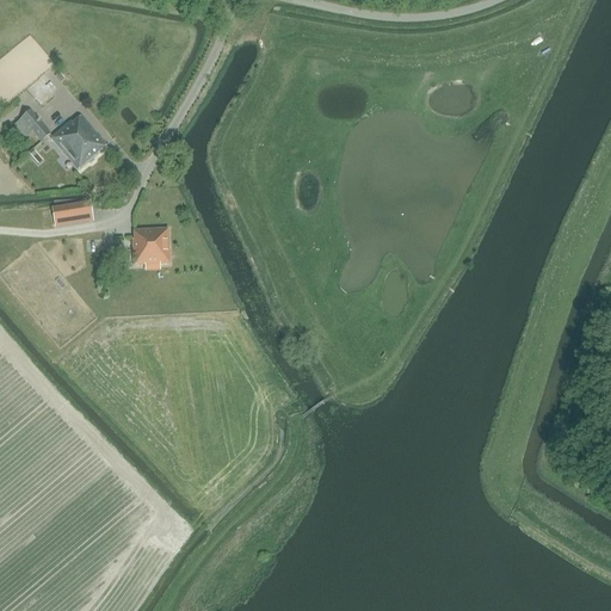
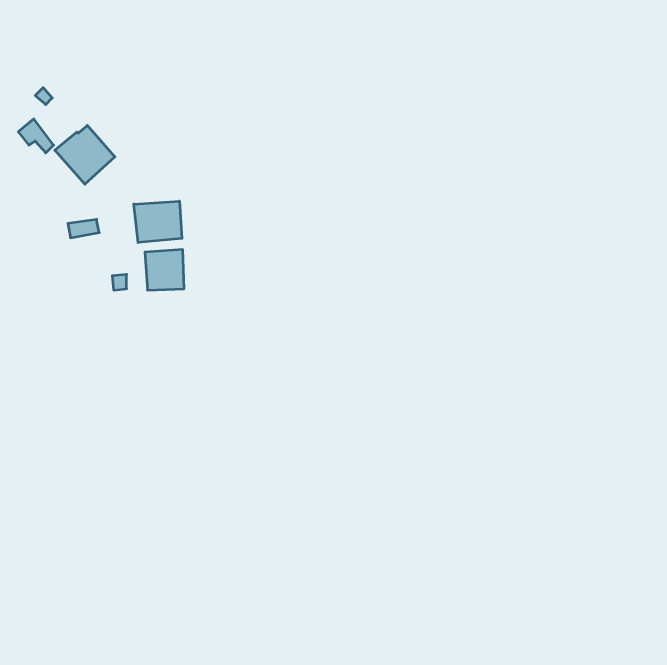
building: none -> [134,201,182,243]

